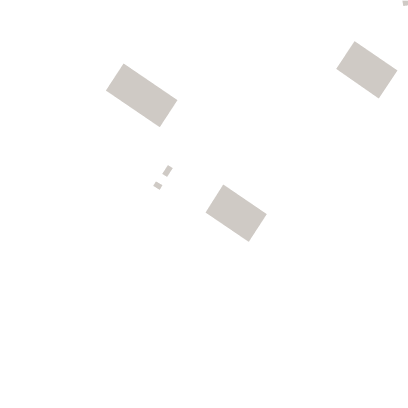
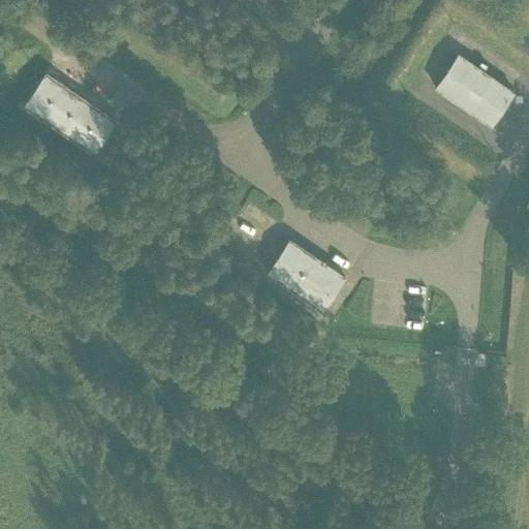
building: [105,62,178,128] -> [23,72,118,157]

